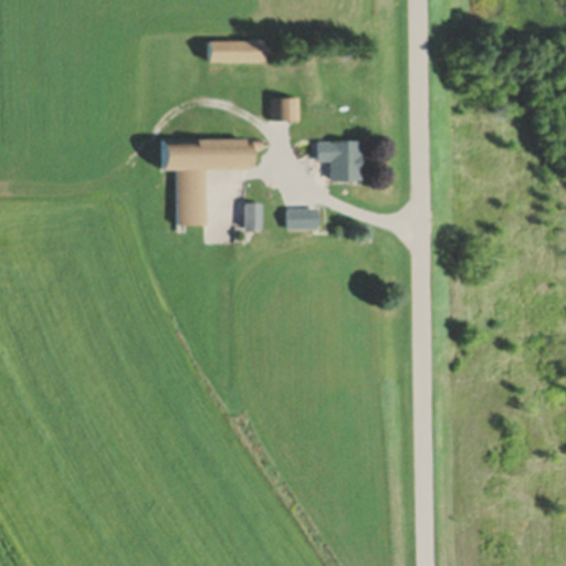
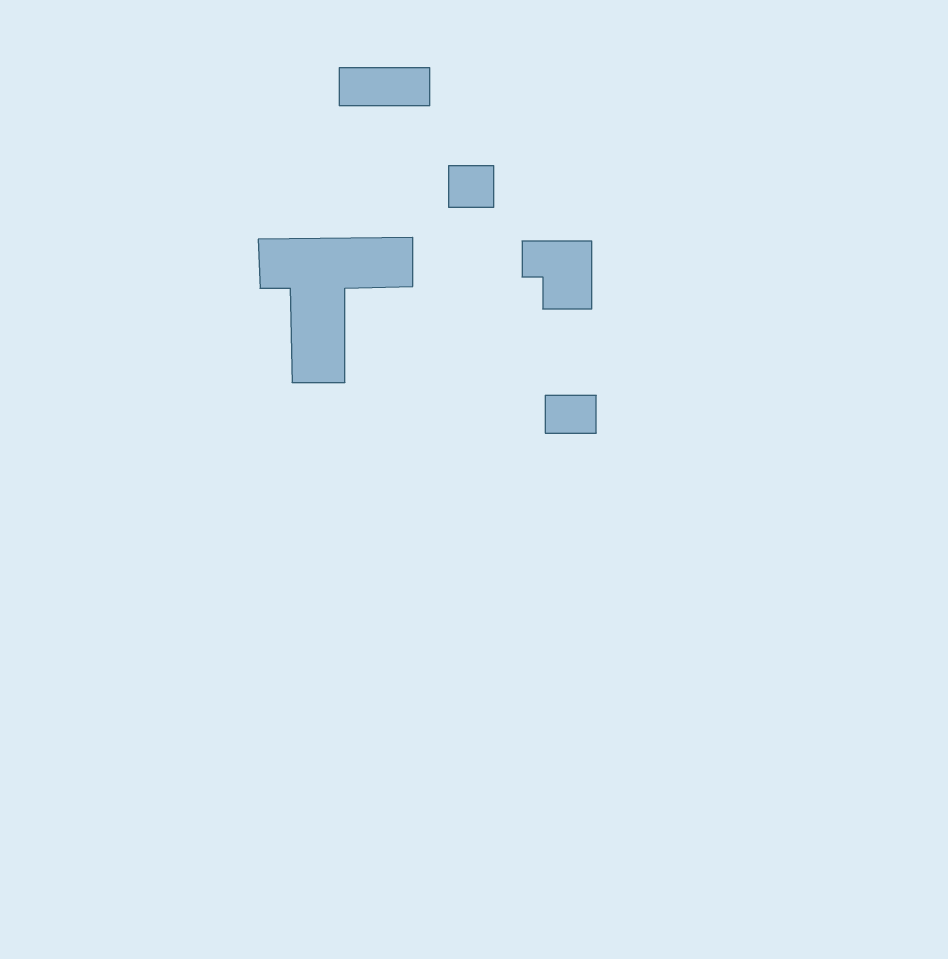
building: [247,203,263,230] -> none
building: [287,208,317,230] -> [545,395,596,433]

